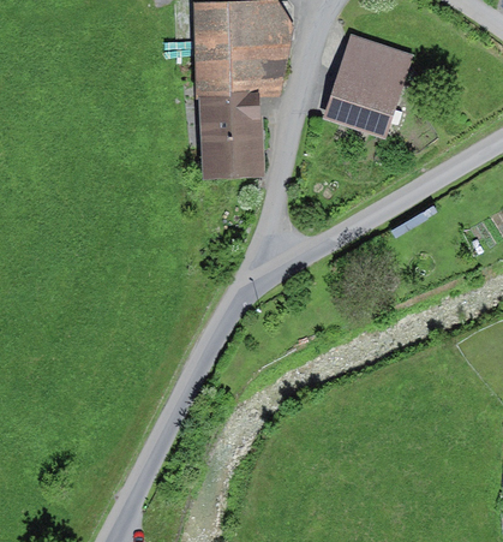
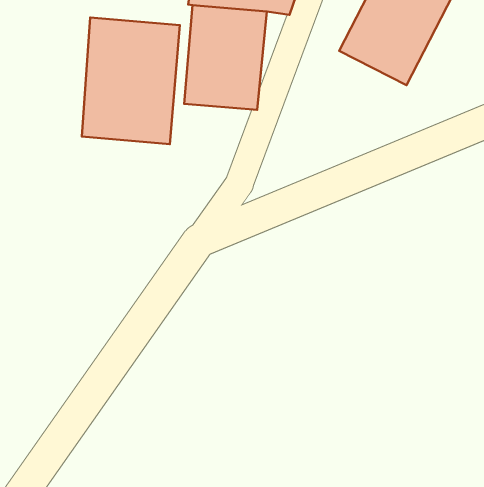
building: none -> [82,18,180,144]

